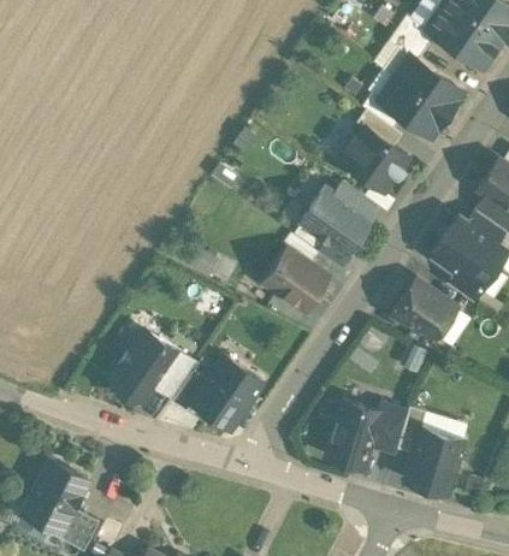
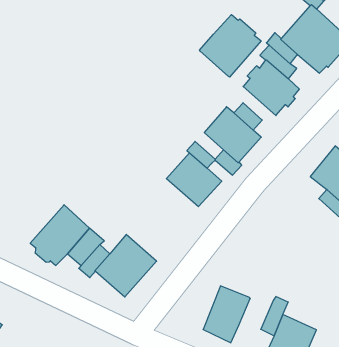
building: none -> [200,15,261,77]
building: [391,280,457,338] -> none
building: [369,404,407,455] -> none

